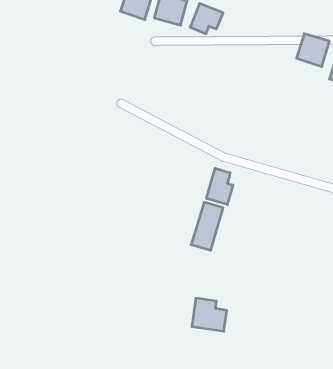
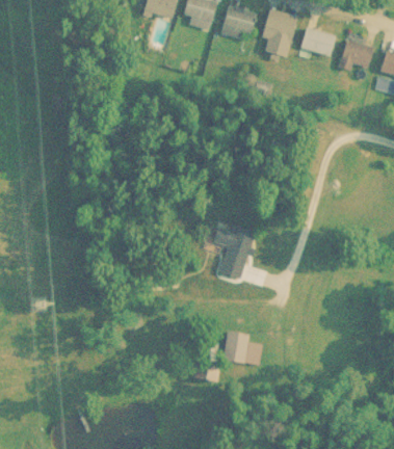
building: none -> [260,9,297,57]
building: none -> [297,24,337,58]
building: [207,168,233,205] -> none

